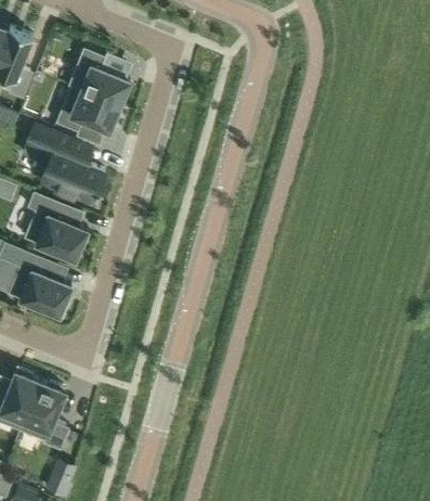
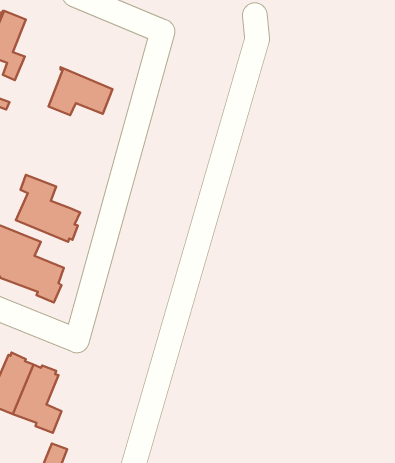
building: [68,48,130,106] -> none
building: [27,125,105,204] -> none

